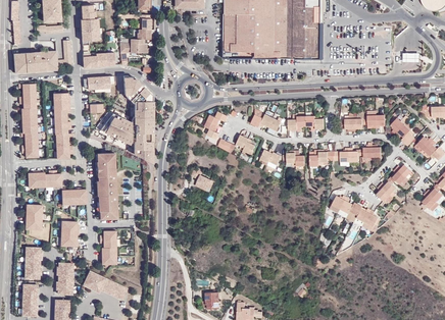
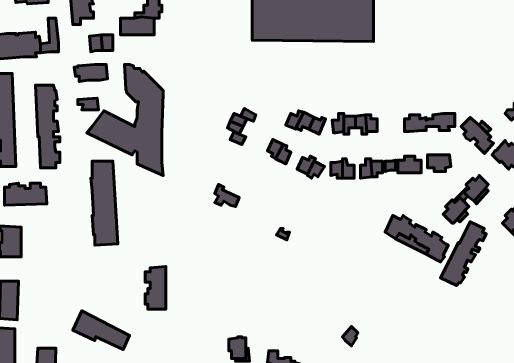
building: [62,186,87,203] -> none
building: none -> [440,222,486,285]
building: [61,220,79,245] -> none
building: [100,231,116,265] -> [145,267,166,309]
building: [58,262,72,294] -> none

